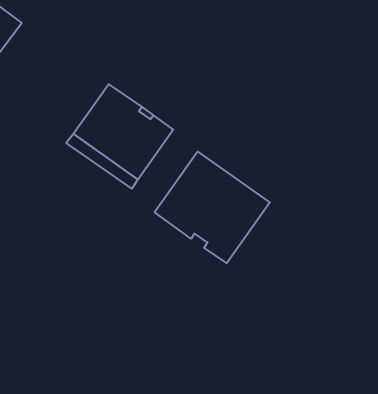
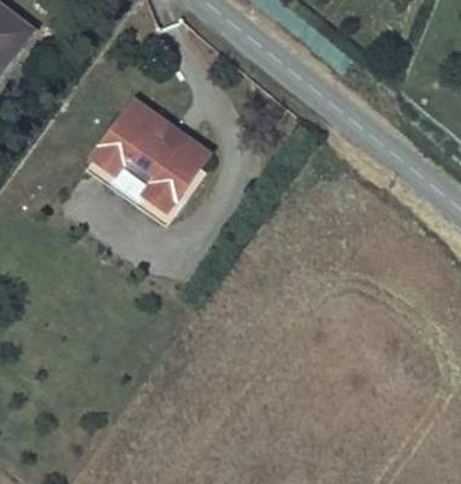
building: [155,152,270,263] -> none

